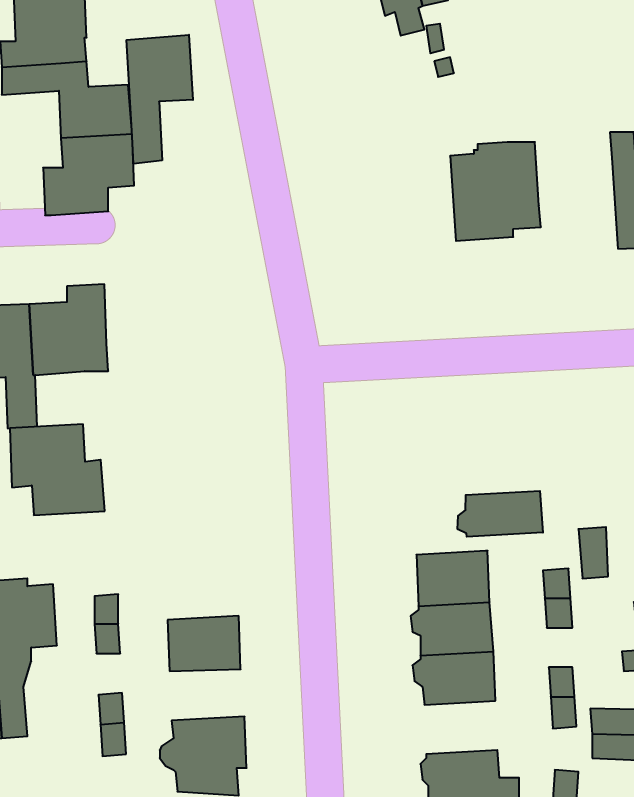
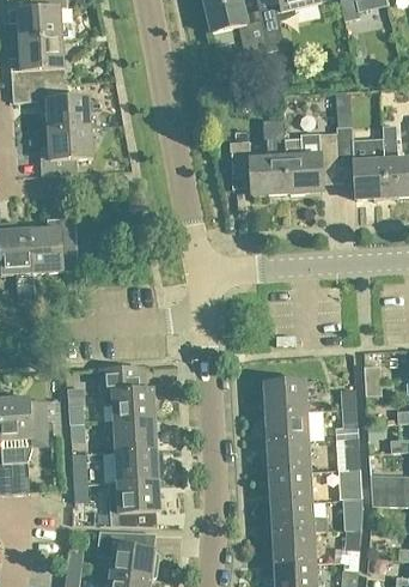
building: [127,35,193,164] -> none
building: none -> [334,125,385,198]
building: none -> [228,139,287,193]
building: [10,424,105,515] -> [98,365,155,420]
building: [458,491,543,537] -> none
building: none -> [114,450,161,482]
building: none -> [268,470,312,502]

